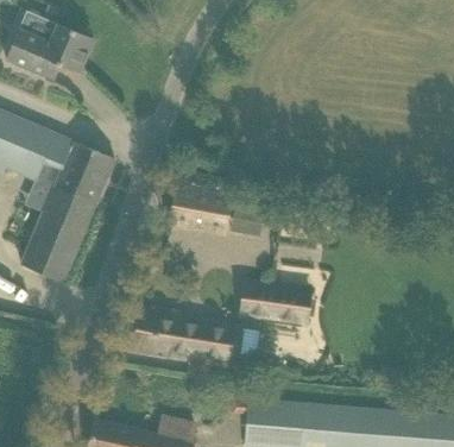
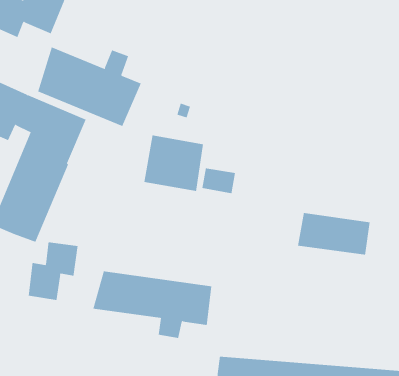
building: none -> [37,46,141,127]
building: [239,281,313,323] -> [297,213,371,255]
building: none -> [28,241,78,301]

